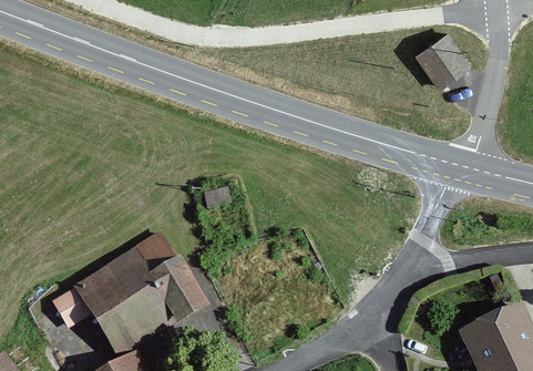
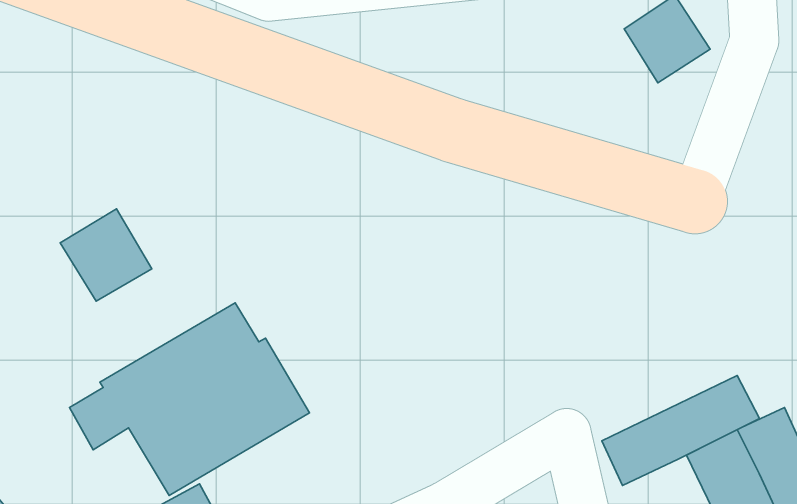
building: none -> [60,209,152,301]
building: none -> [602,375,759,486]

